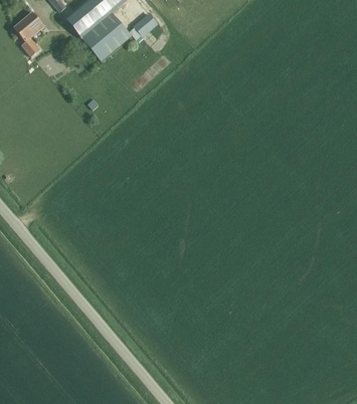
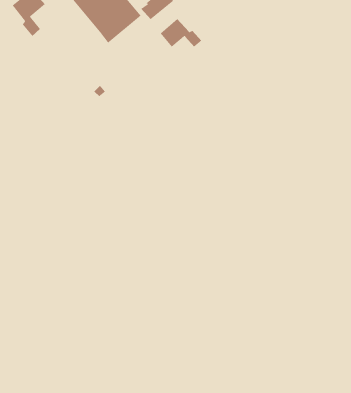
building: none -> [160,18,202,48]

